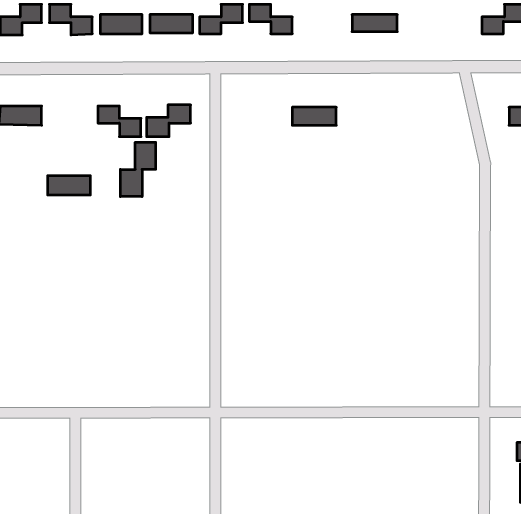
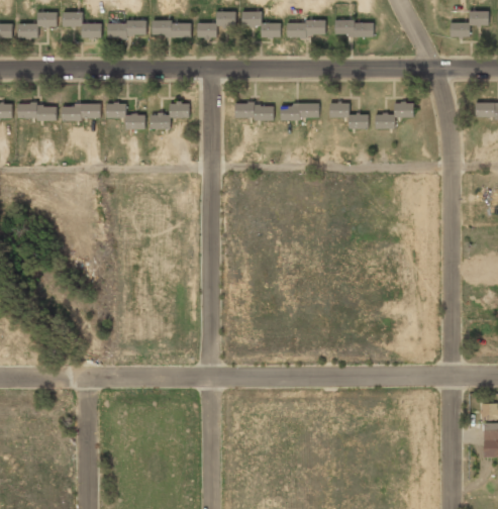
building: none -> [286,21,324,37]
building: none -> [329,102,368,129]
building: none -> [375,102,413,129]
building: none -> [234,103,274,120]
building: [120,142,156,197] -> none
building: [48,176,90,195] -> [62,103,100,120]

